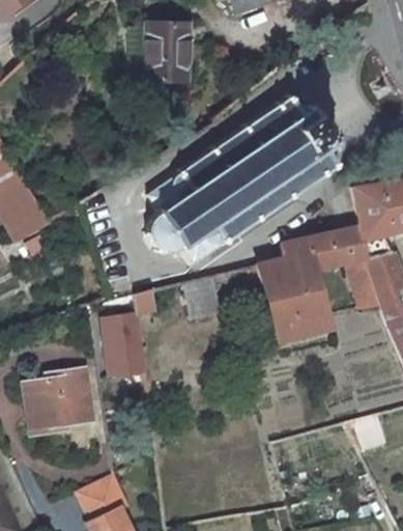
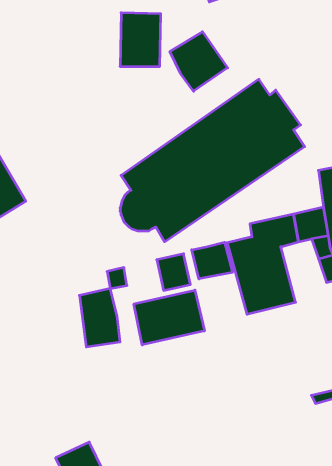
building: none -> [170,32,228,91]
building: none -> [192,242,232,279]
building: none -> [134,290,204,345]
building: [26,369,91,432] -> none

